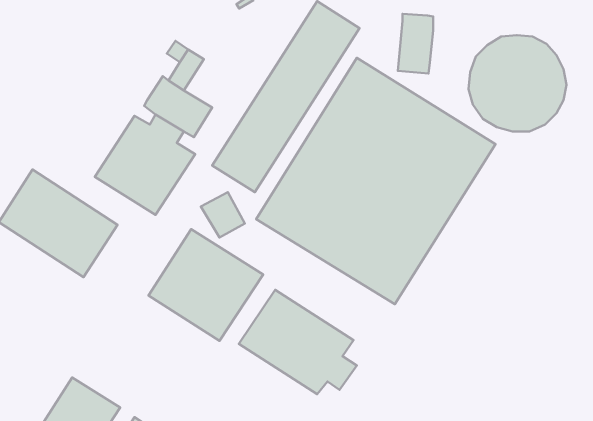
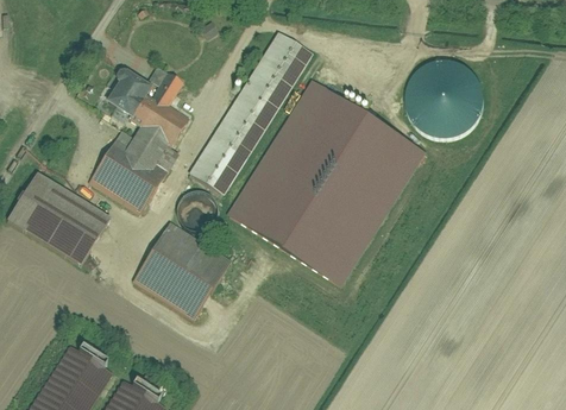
building: [398,14,433,73] -> none
building: none -> [107,69,152,114]
building: [239,290,357,394] -> none

